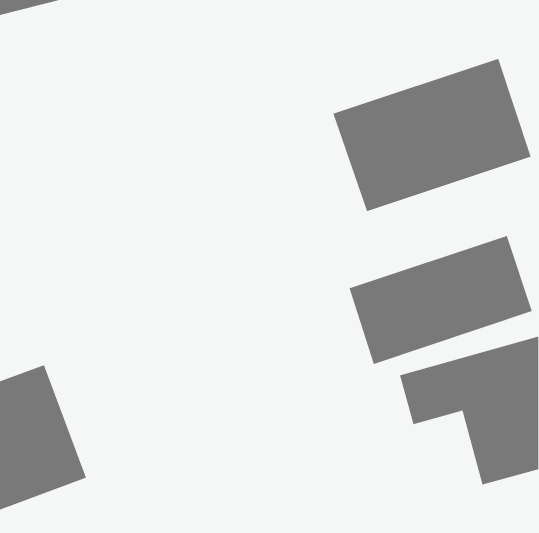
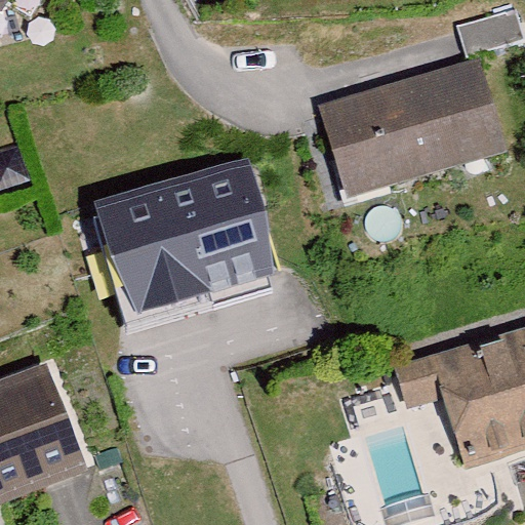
building: none -> [95,158,277,309]
building: [349,235,533,365] -> none

